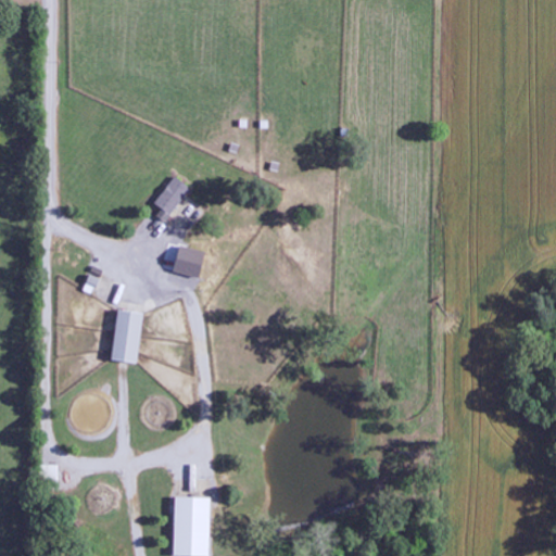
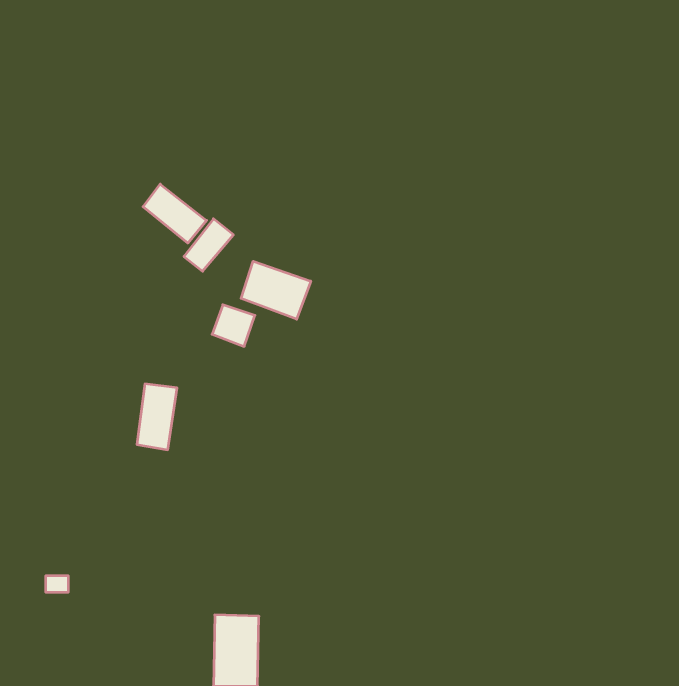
building: none -> [143,184,207,243]
building: none -> [241,261,311,319]

